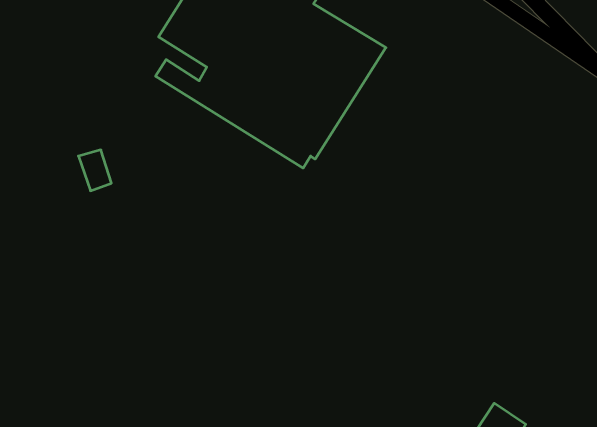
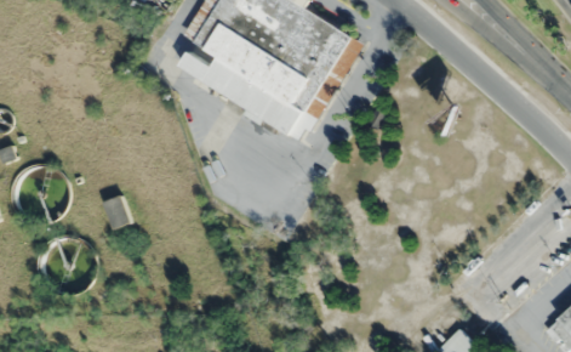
building: [78,150,111,191] -> [102,197,129,229]

